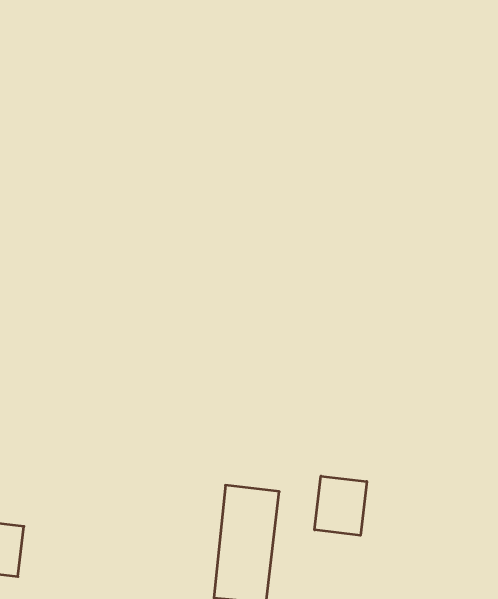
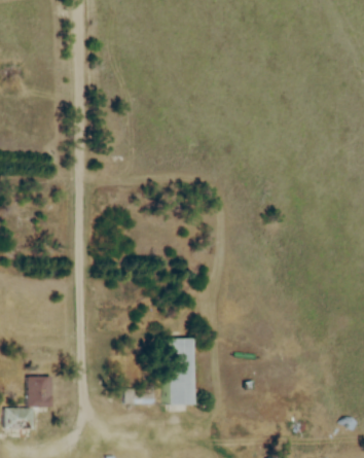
building: [315,476,367,535] -> none

